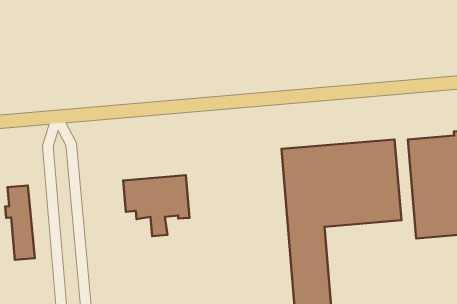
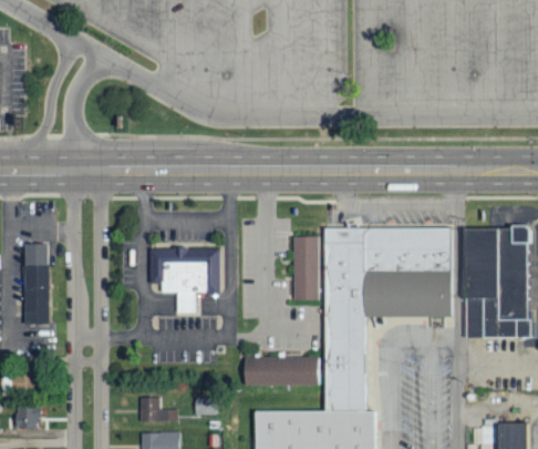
building: none -> [293,235,320,299]
building: none -> [245,356,321,384]

